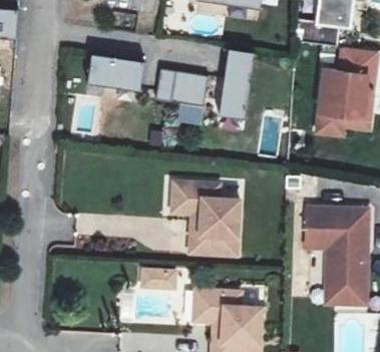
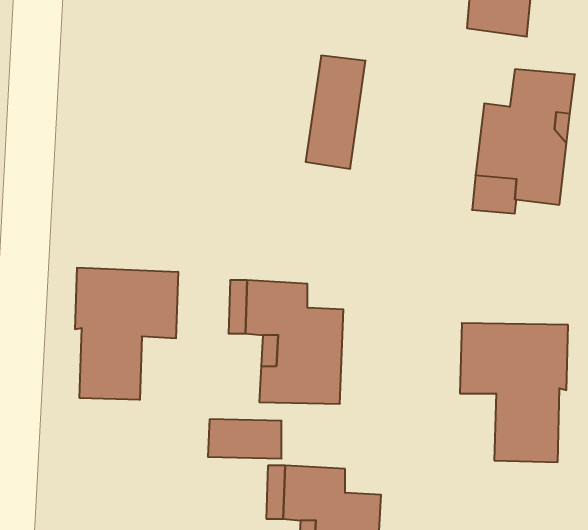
building: [79,54,136,88] -> none
building: [146,69,198,107] -> none
building: none -> [75,268,178,400]
building: [319,244,361,303] -> none

